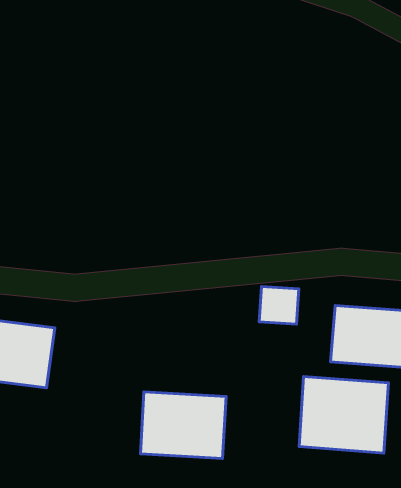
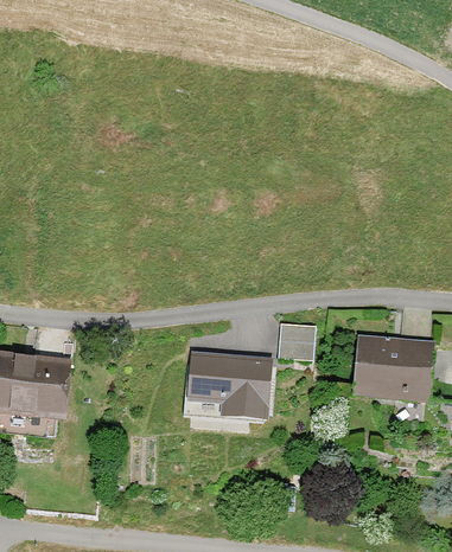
building: [299,377,388,453] -> none
building: [140,392,226,459] -> [186,349,273,417]

